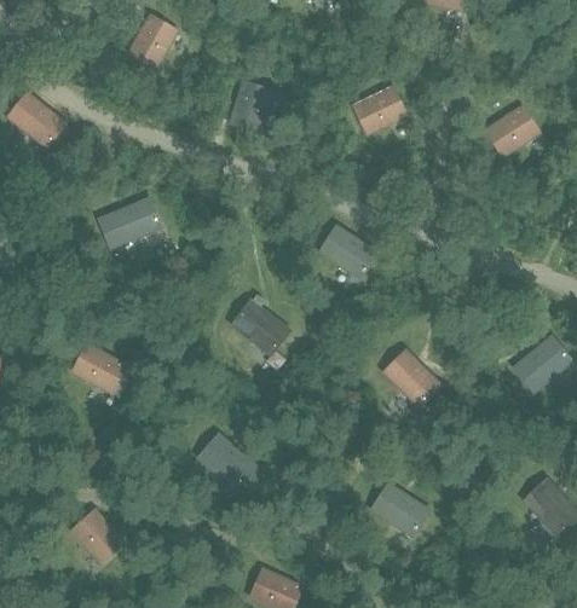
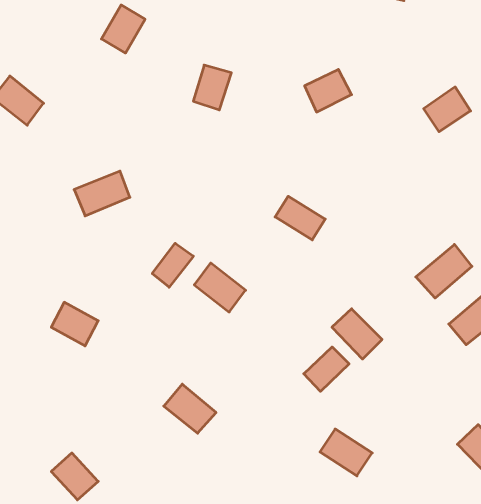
building: none -> [152,243,193,287]
building: none -> [416,244,472,298]
building: none -> [304,347,349,391]

